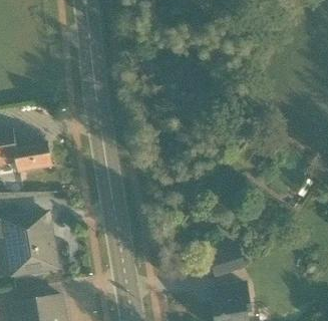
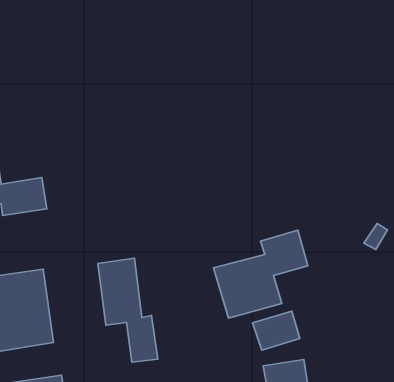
building: none -> [214,230,308,318]
building: none -> [98,258,158,362]

